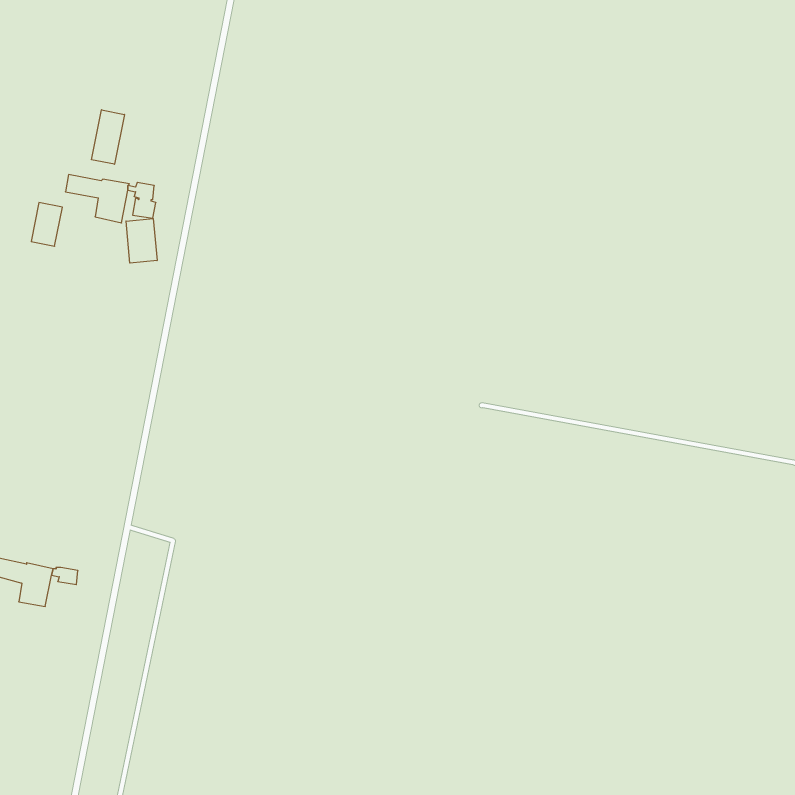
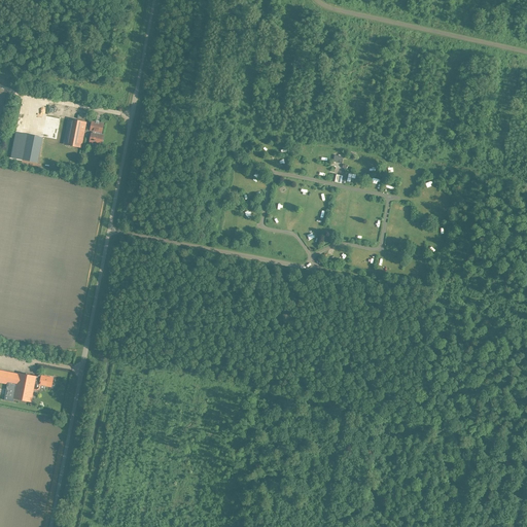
building: [92,110,124,164] -> none
building: [126,219,157,263] -> none

